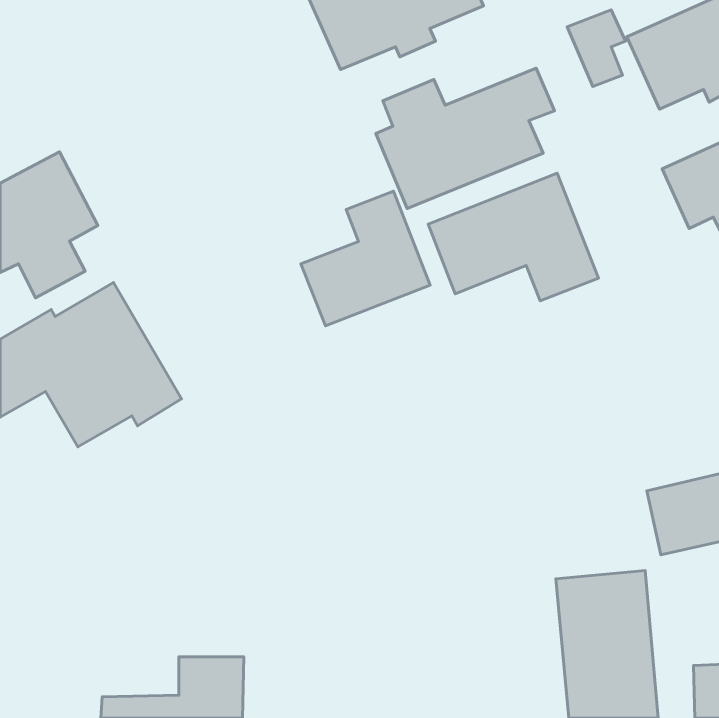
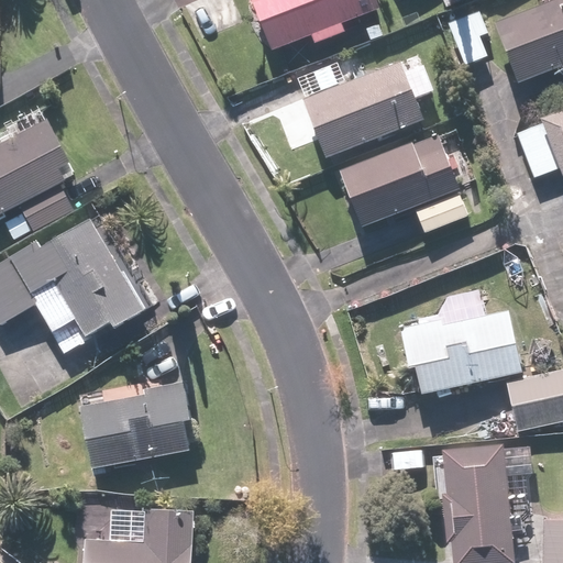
building: [301,191,430,326] -> none
building: none -> [397,309,523,397]
building: none -> [79,378,192,468]

